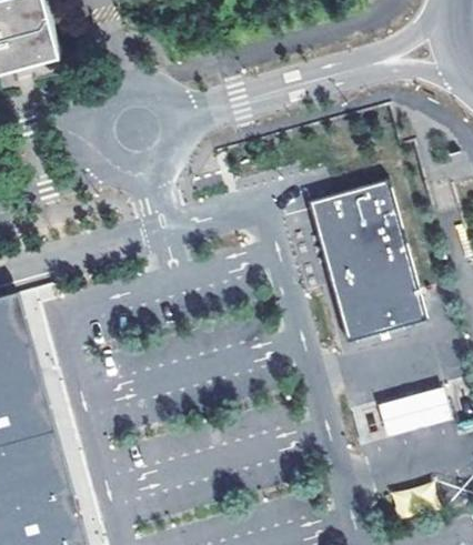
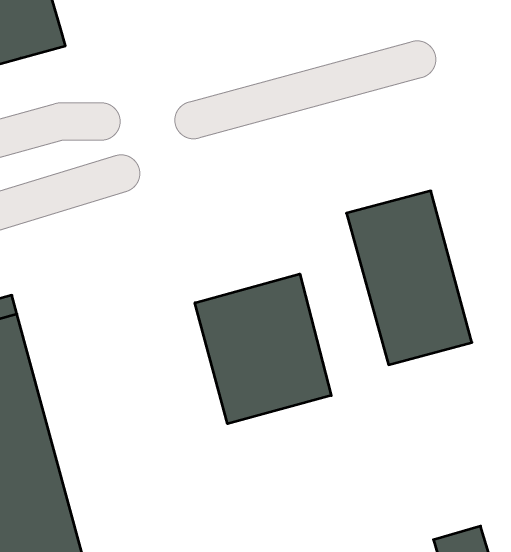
building: none -> [195,274,331,424]
building: [379,388,452,440] -> none

